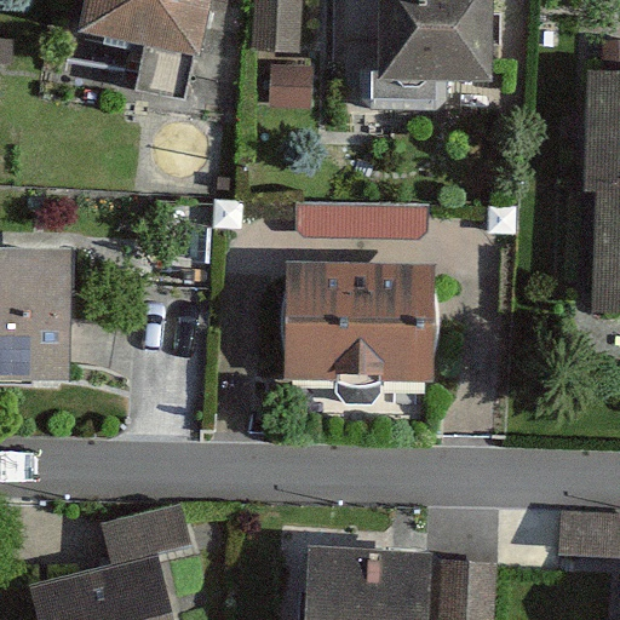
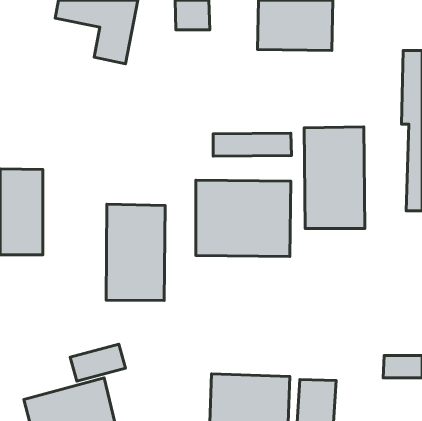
building: none -> [304,127,365,229]
building: none -> [106,204,165,301]

